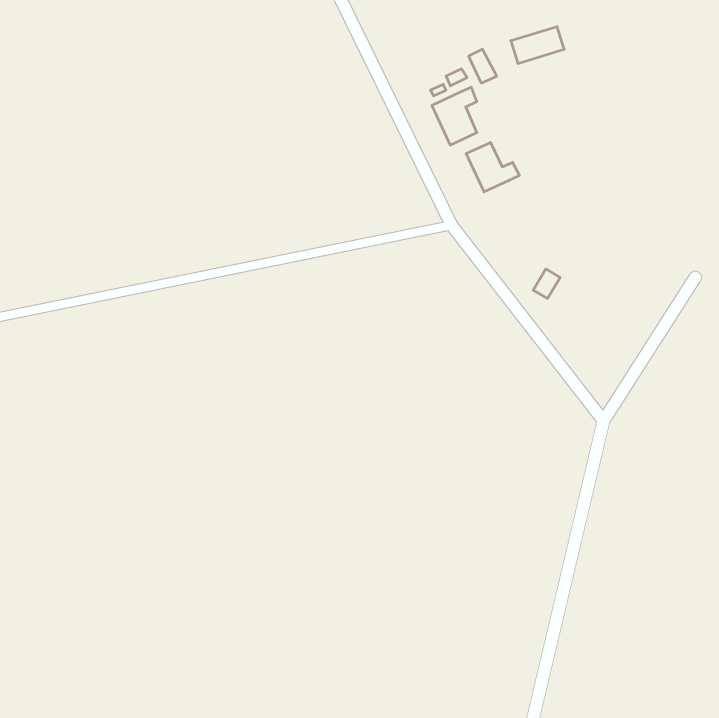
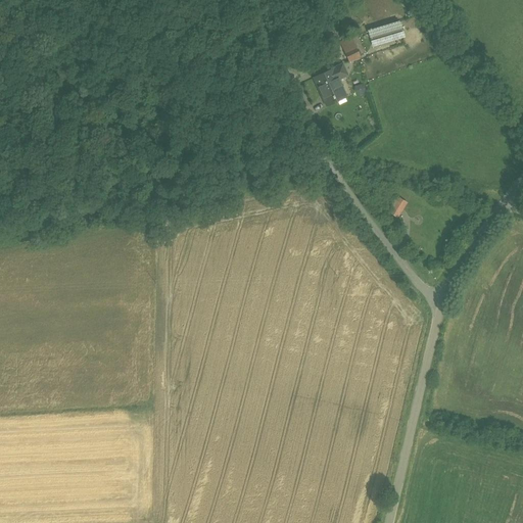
building: [466,142,519,192] -> none

